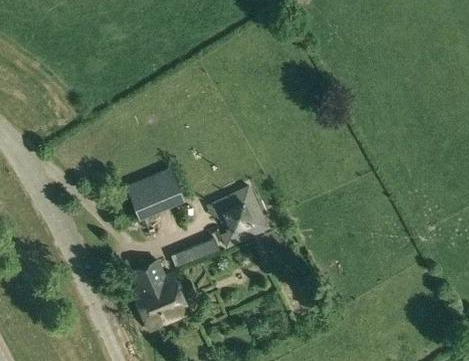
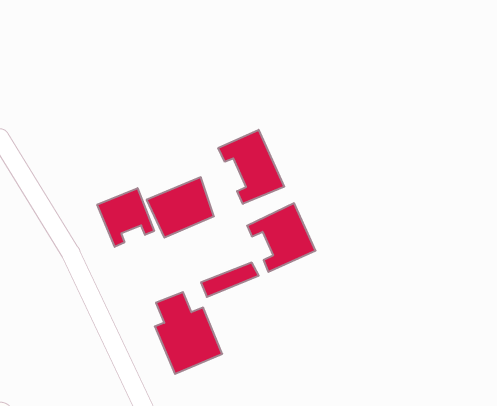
building: none -> [218,130,284,204]
building: none -> [97,188,154,247]

